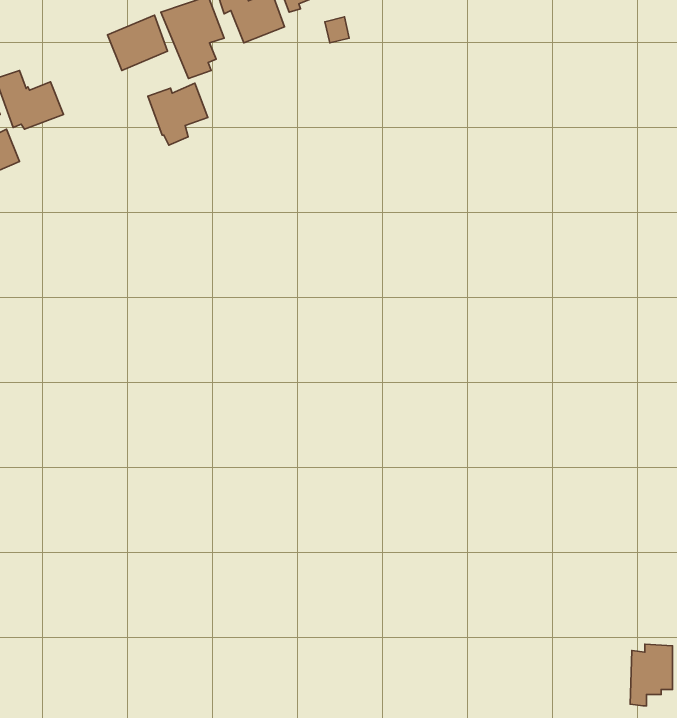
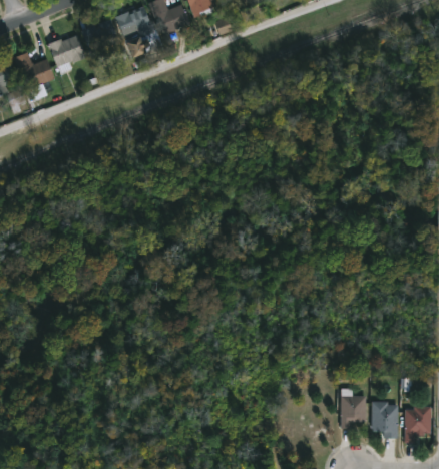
building: [148,83,208,145] -> [47,35,84,73]
building: none -> [341,396,365,429]
building: none -> [371,402,398,438]

